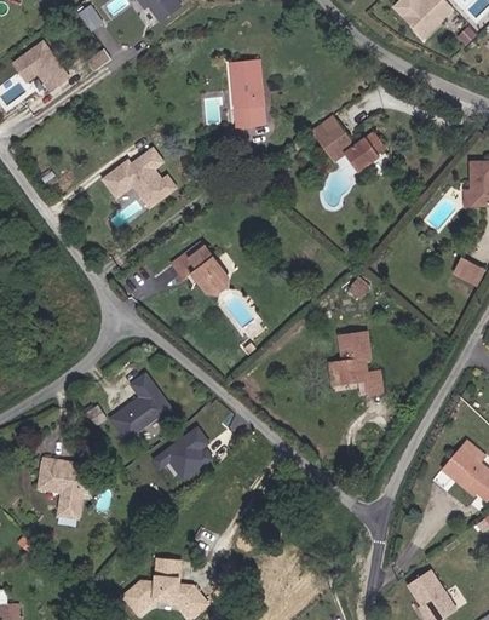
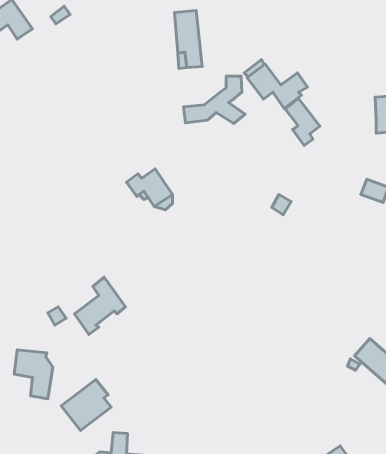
building: none -> [183,76,245,123]
building: [99,151,171,208] -> none
building: none -> [285,99,320,145]
building: [336,333,381,394] -> none
building: [155,424,214,484] -> [61,379,111,431]

